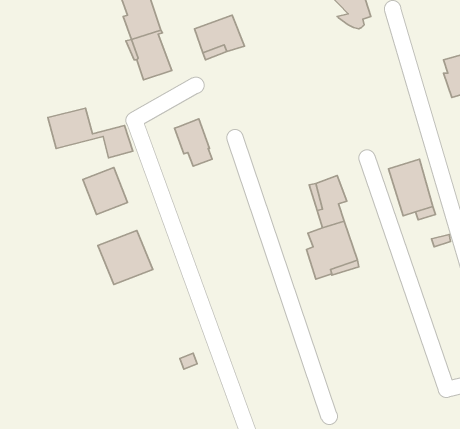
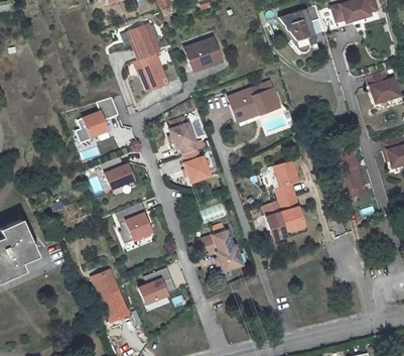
building: none -> [231,89,282,116]
building: none -> [183,149,211,182]
building: none -> [201,229,244,270]
building: none -> [90,267,125,324]
building: none -> [137,277,169,306]

